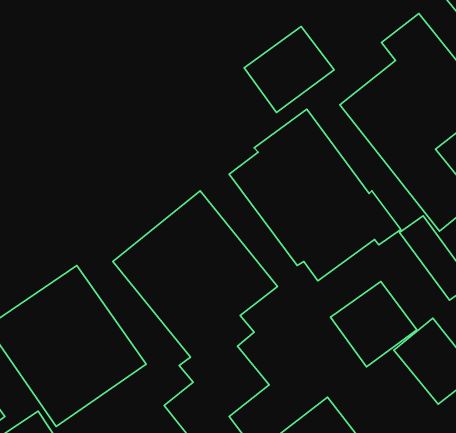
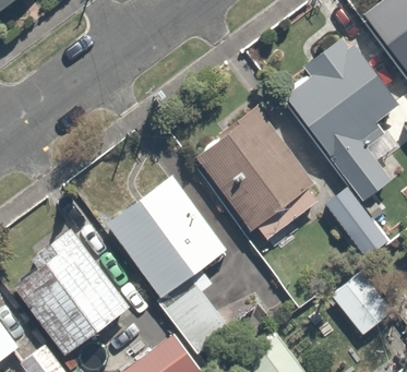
building: [244,27,334,113] -> none
building: [331,281,417,367] -> none

